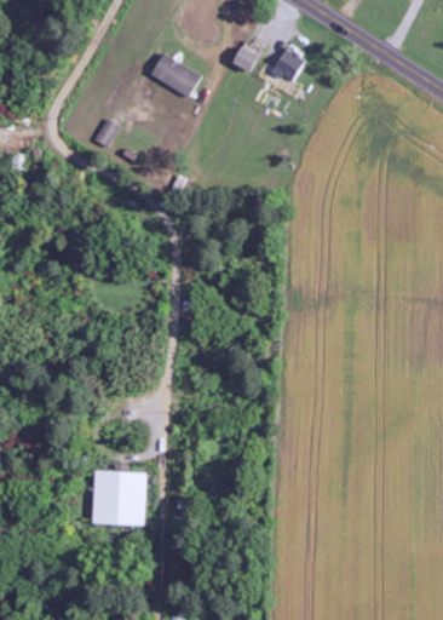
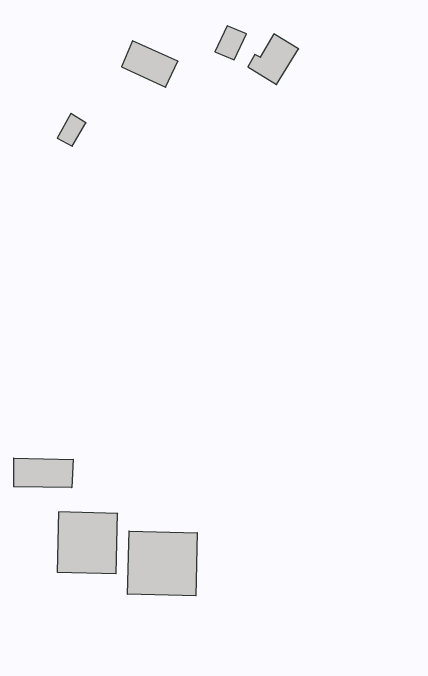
building: none -> [14,458,73,488]
building: none -> [128,531,197,596]

